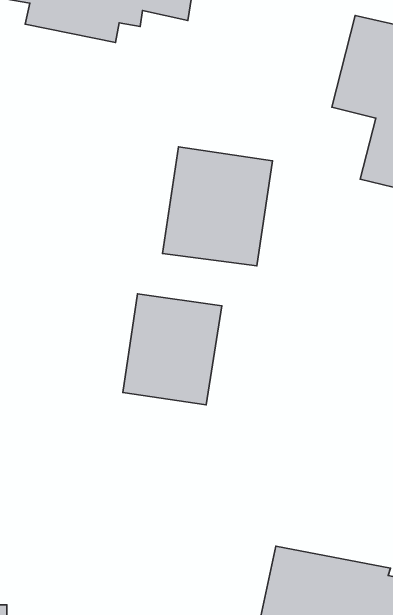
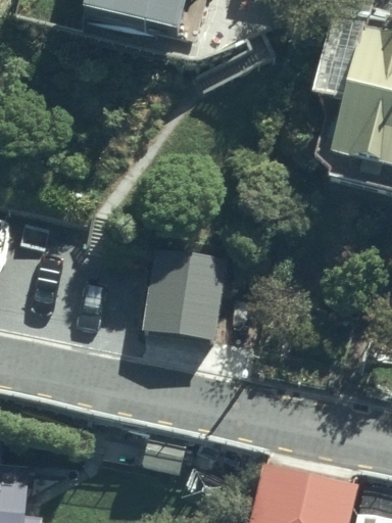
building: [163,147,272,266] -> none

